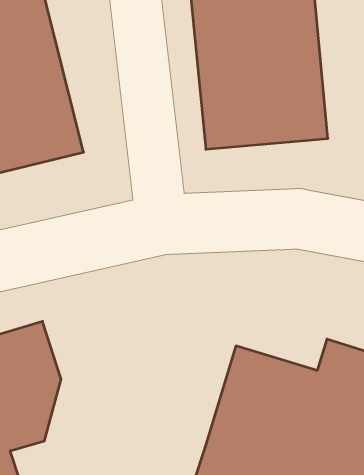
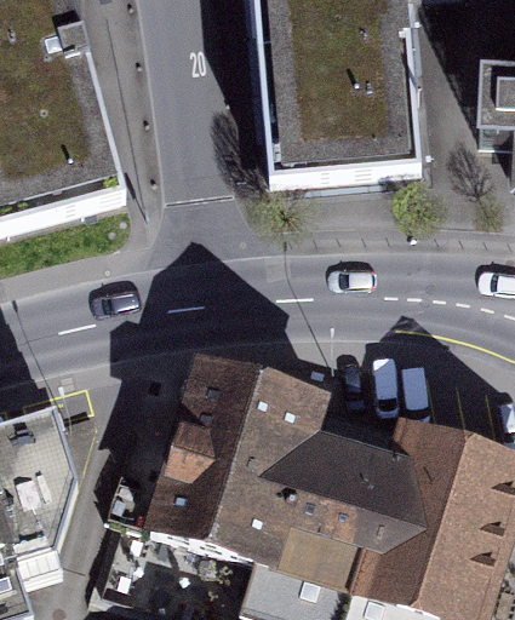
building: none -> [151,356,315,558]

